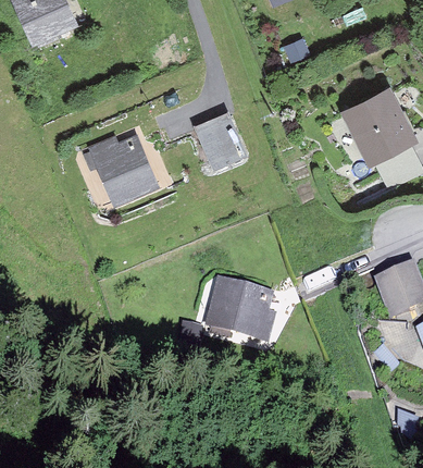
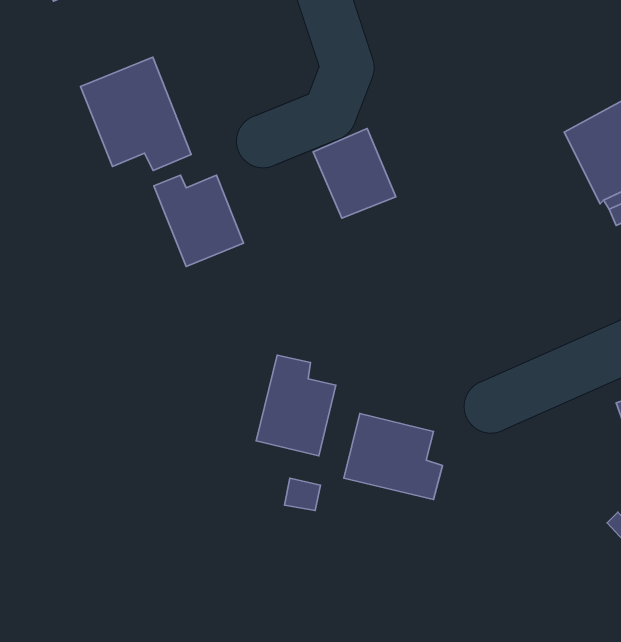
building: none -> [80,57,191,171]
building: none -> [256,355,336,456]

